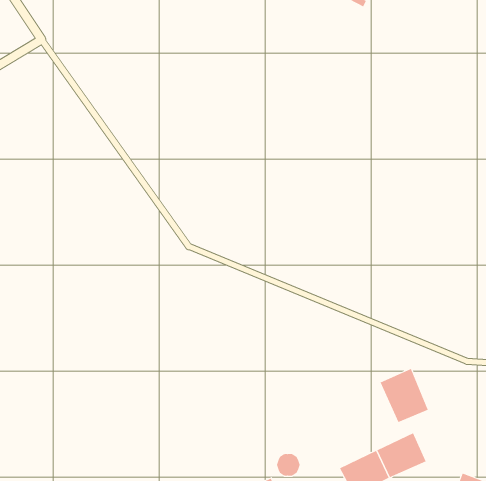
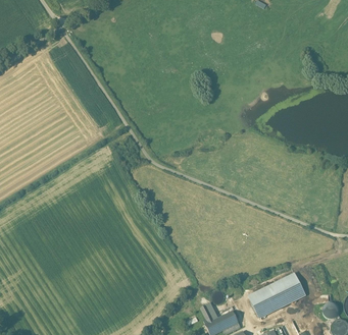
building: [380,368,428,423] -> none

